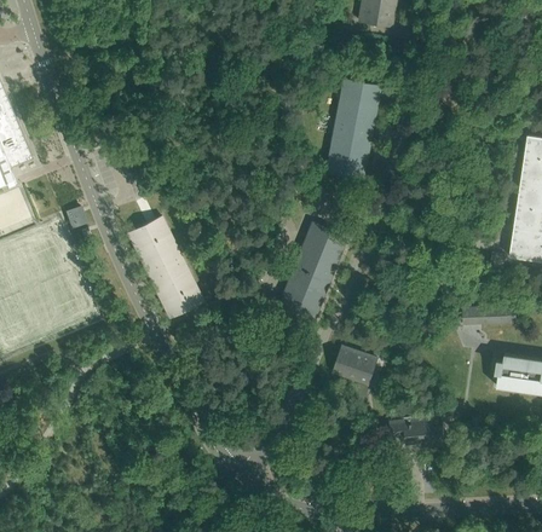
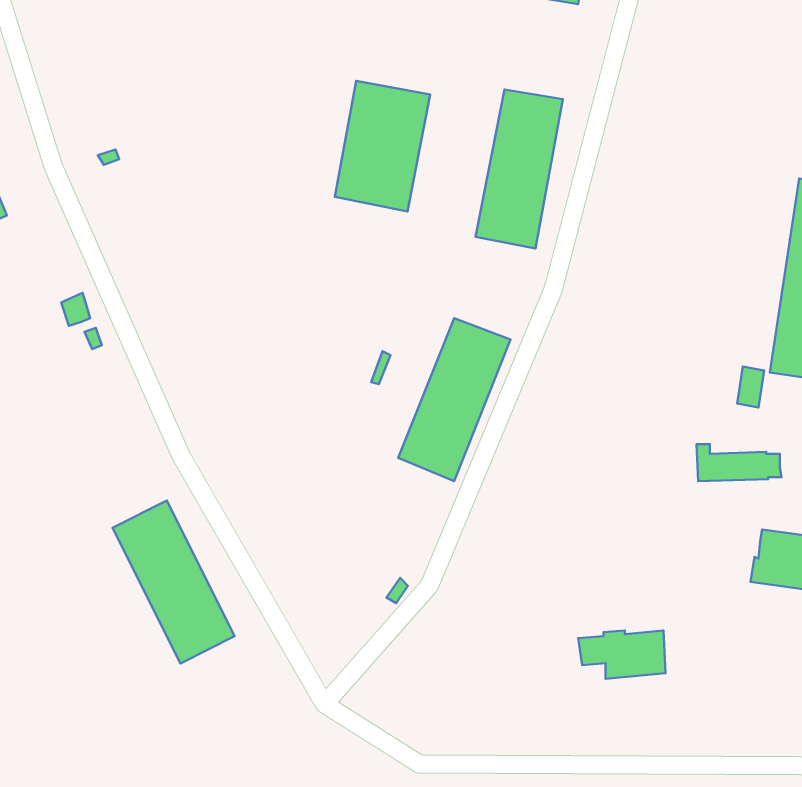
building: none -> [335,81,430,212]
building: [127,216,203,318] -> [113,501,235,663]
building: [333,347,379,386] -> none

